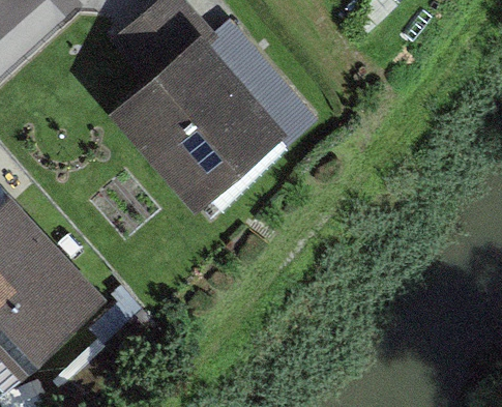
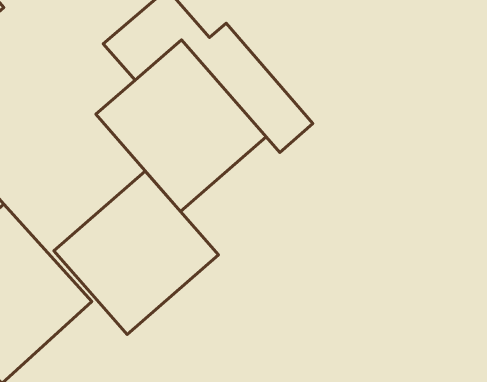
building: none -> [54,171,218,335]

